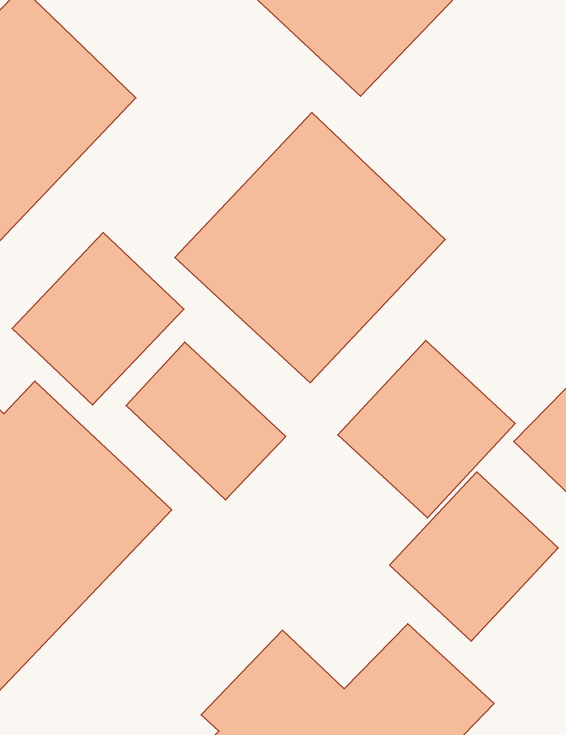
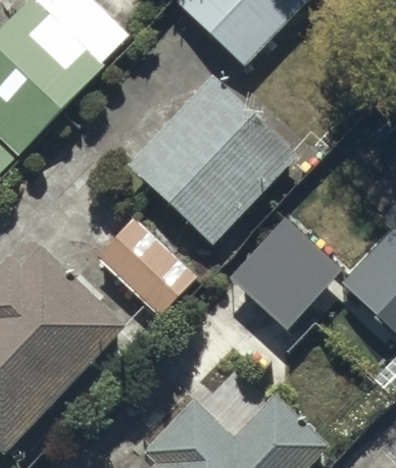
building: [12,233,184,405] -> none
building: [390,472,558,641] -> none

